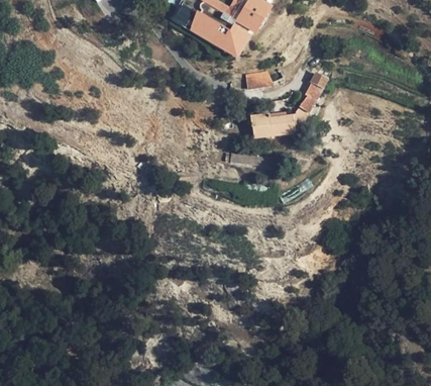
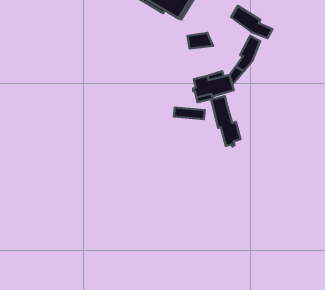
building: none -> [231,6,273,38]
building: none -> [211,96,241,147]

